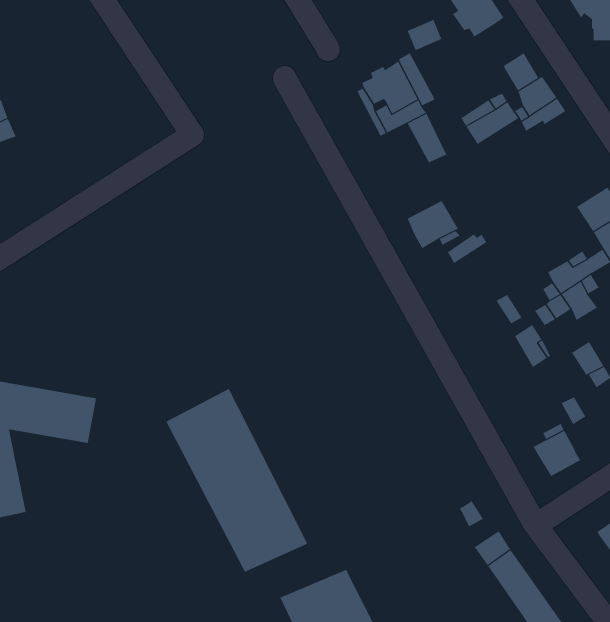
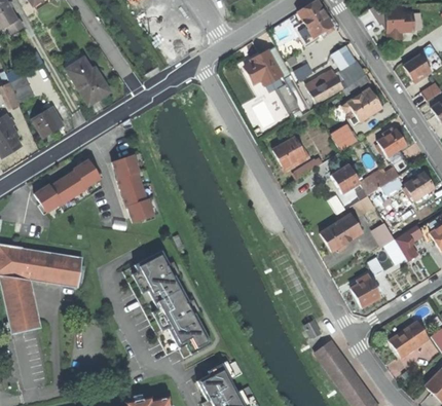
building: none -> [63,56,108,105]
building: none -> [342,87,381,120]
building: none -> [31,107,59,137]
building: none -> [331,123,359,151]
building: none -> [112,155,154,223]
building: none -> [34,159,101,214]
building: none -> [331,163,360,192]
building: none -> [320,220,351,251]

